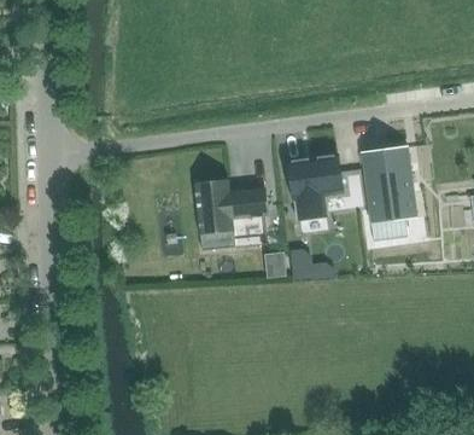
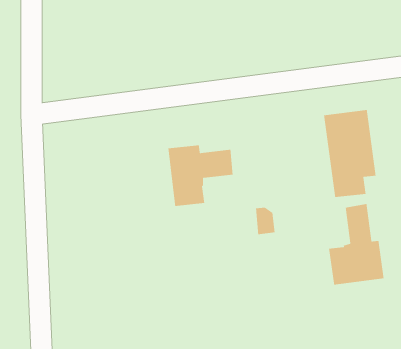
building: [288,155,343,219] -> none
building: none -> [328,203,385,286]

